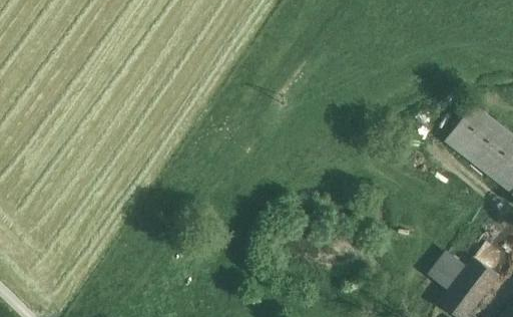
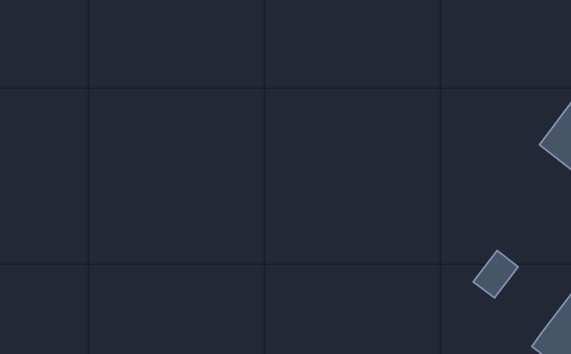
building: [430,253,466,291] -> [473,250,518,298]

